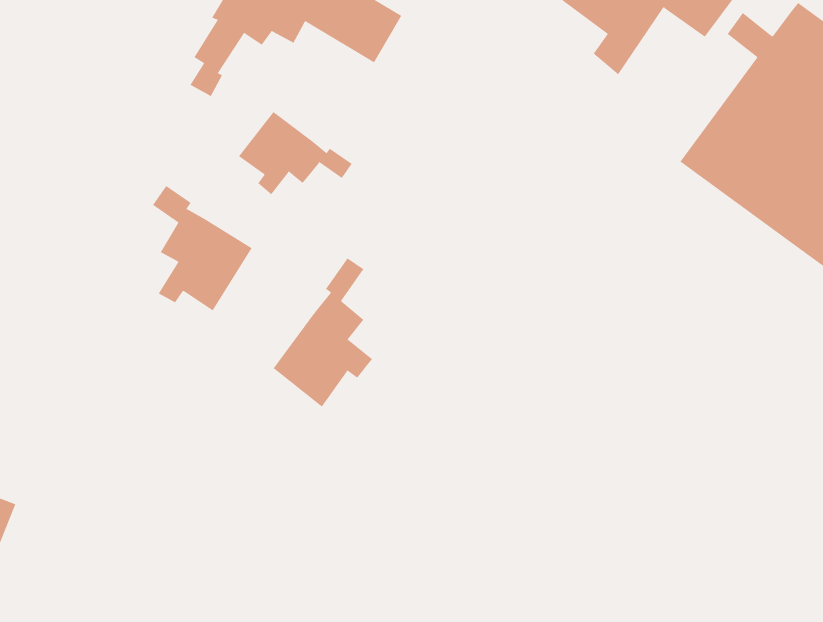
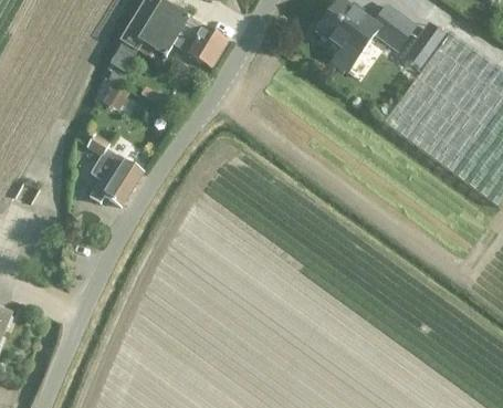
building: [238,111,352,195] -> none
building: [273,257,373,408] -> none

